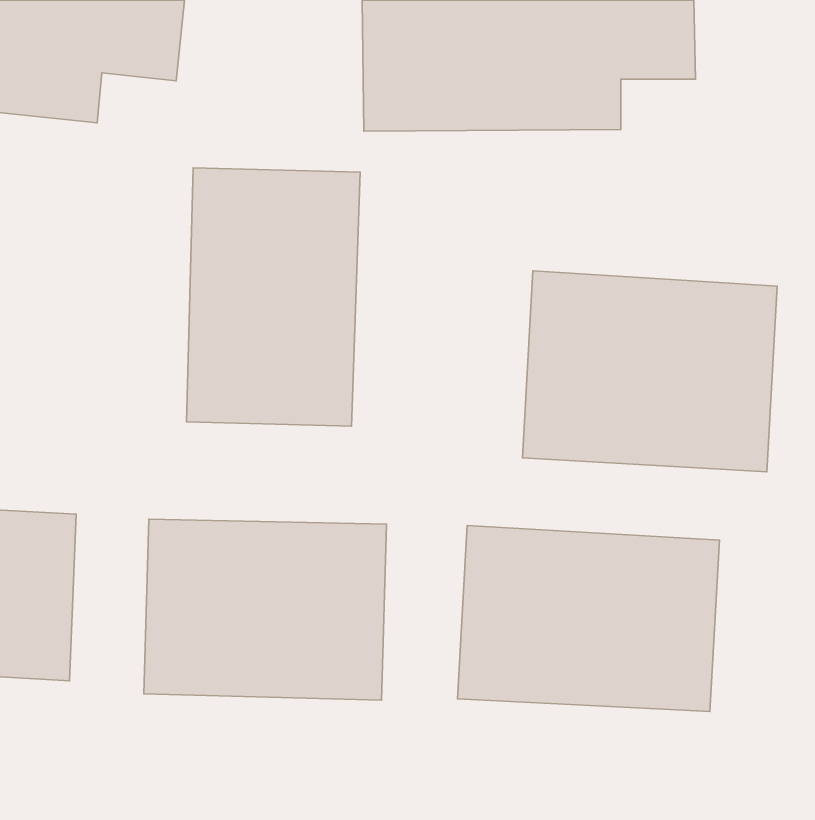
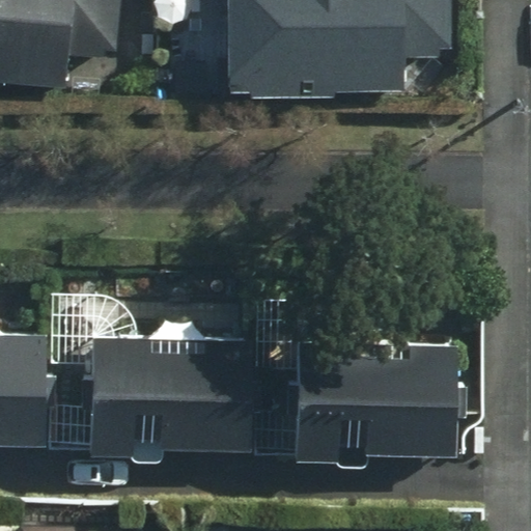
building: [186,168,360,426] -> none
building: [523,271,777,472] -> none

